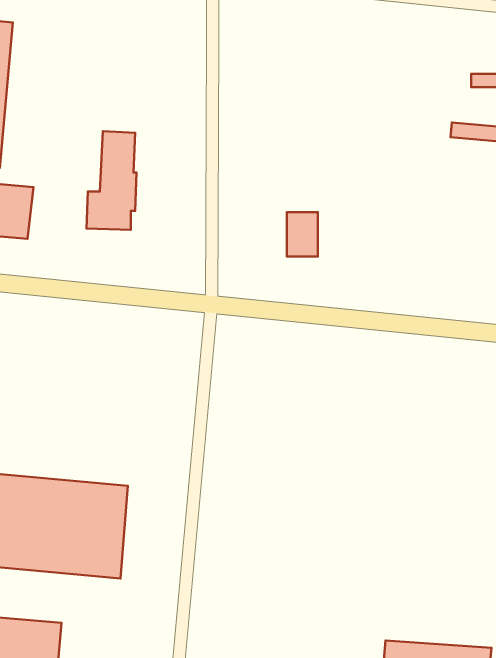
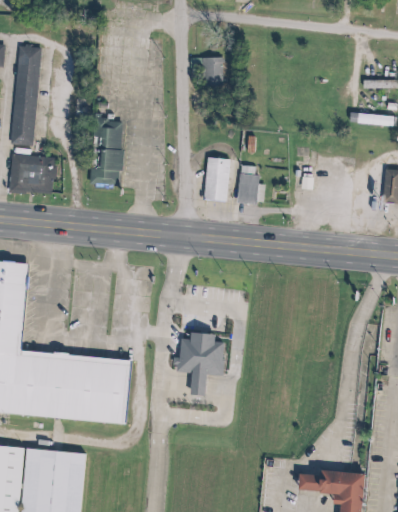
building: none -> [198,59,219,87]
building: none -> [212,158,236,202]
building: none -> [183,328,232,391]

